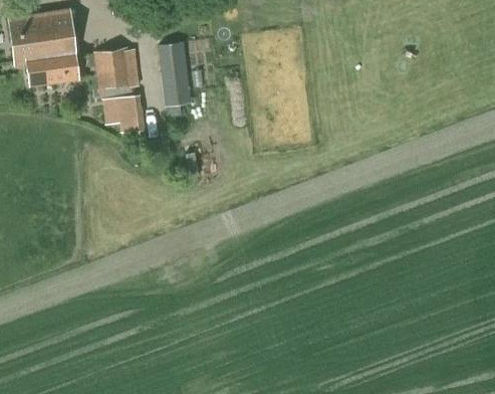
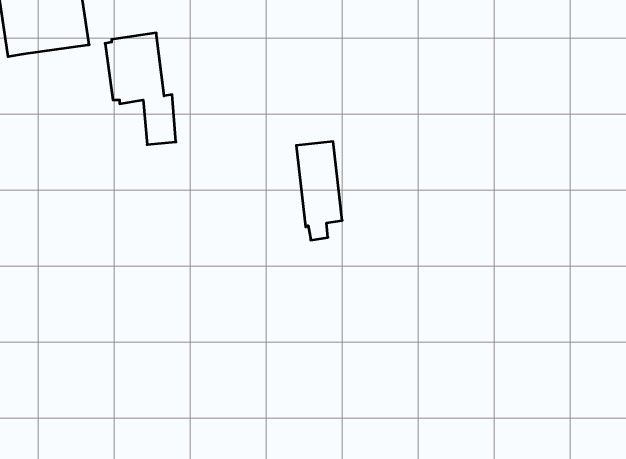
building: [158,42,193,118] -> [296,142,342,240]
building: [27,56,80,87] -> none

